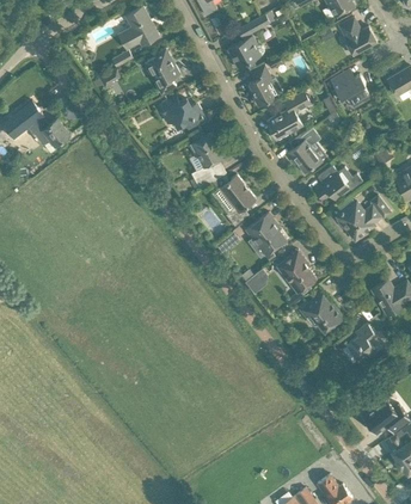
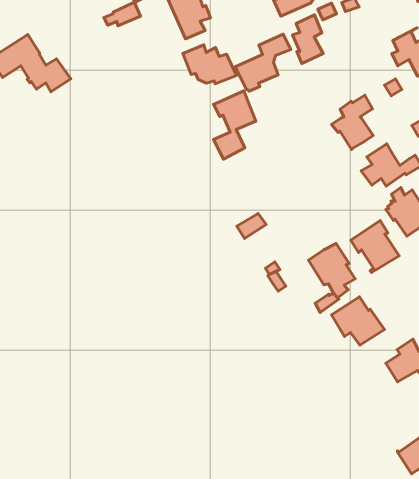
building: [265,91,309,140] -> [235,34,291,91]
building: [219,174,254,226] -> none
building: [245,211,286,254] -> [351,221,399,273]

